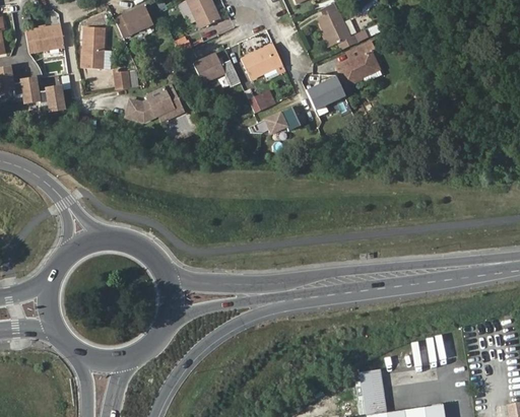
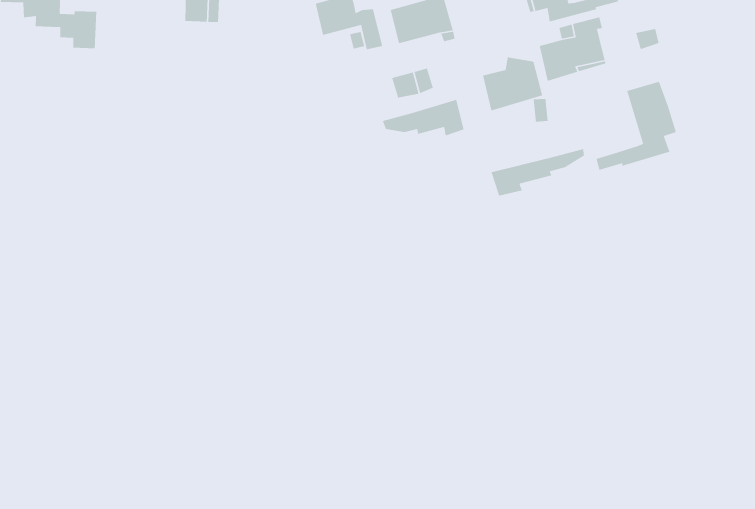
building: none -> [596,81,677,171]
building: [124,84,183,119] -> none
building: none -> [491,148,585,196]

